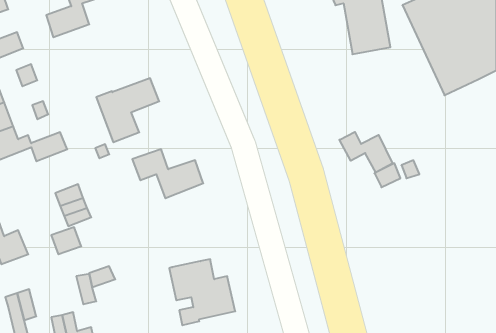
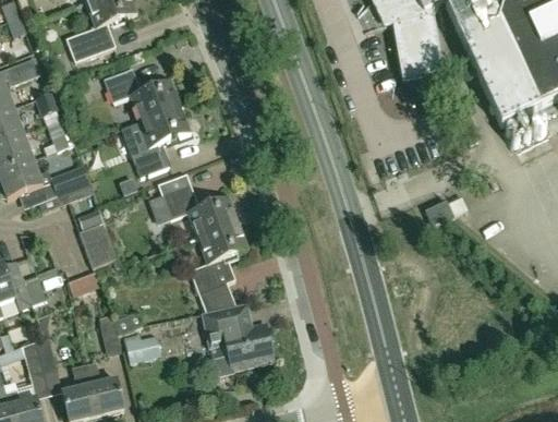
building: none -> [104,67,180,121]
building: [339,132,393,173] -> none
building: none -> [187,220,247,312]
building: none -> [122,333,160,362]

